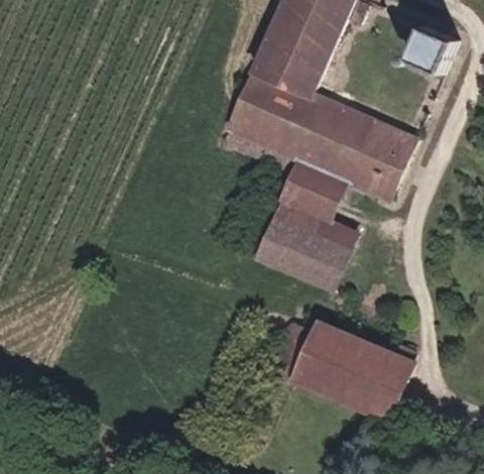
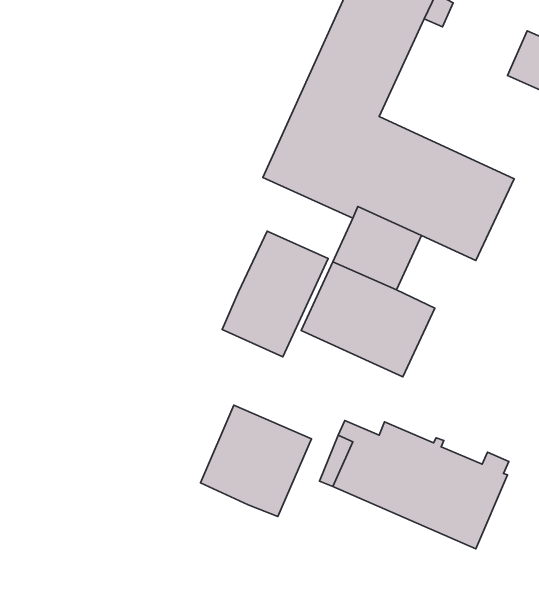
building: none -> [222,231,328,357]
building: none -> [200,405,311,516]

